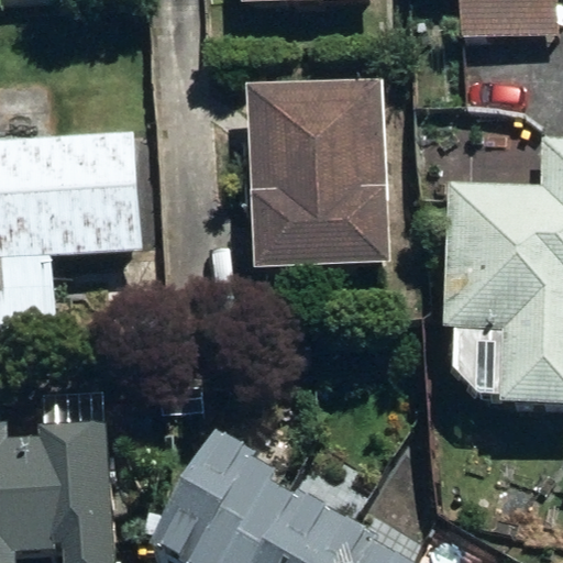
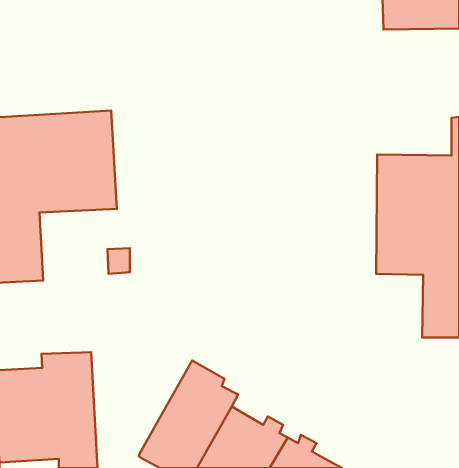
building: [249,79,386,267] -> none

